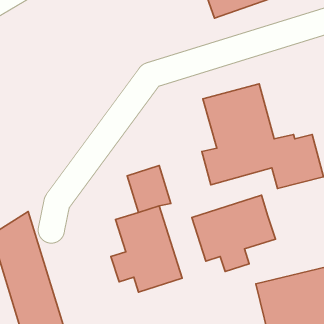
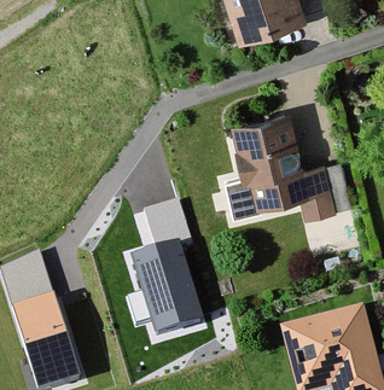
building: [192,195,275,271] -> none

